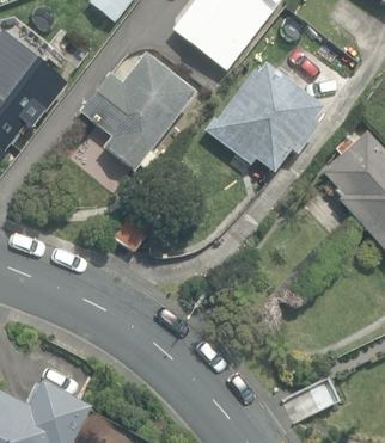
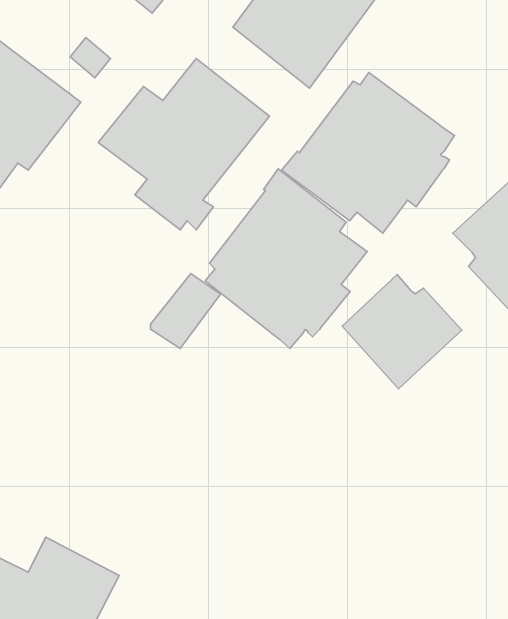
building: none -> [205,169,367,348]
building: none -> [342,275,462,389]

